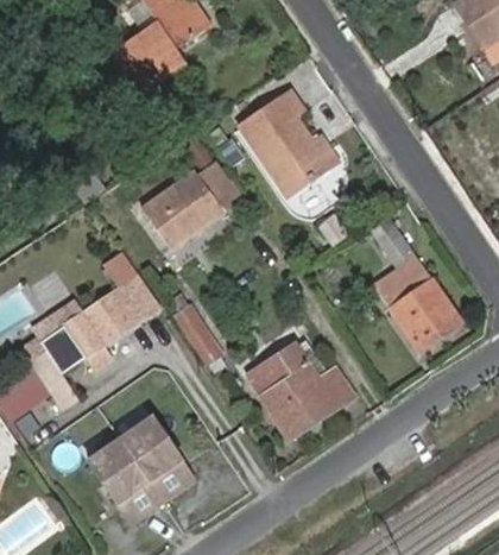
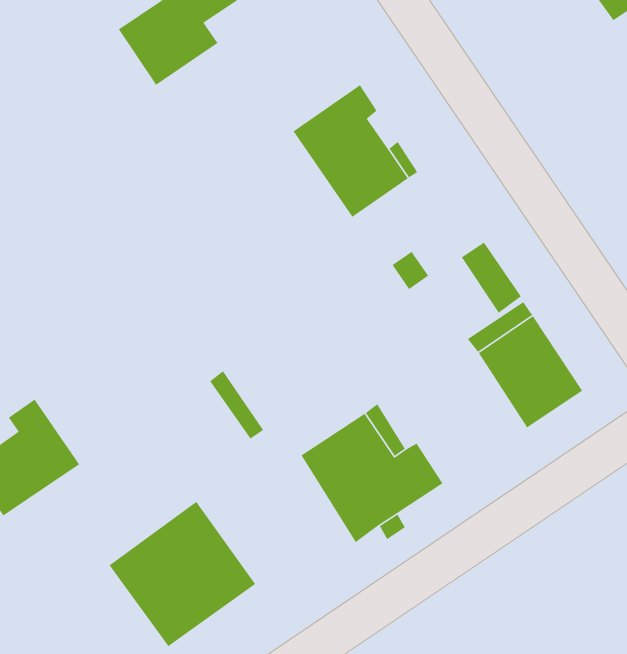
building: [140,163,238,250] -> none
building: [62,277,156,370] -> none

